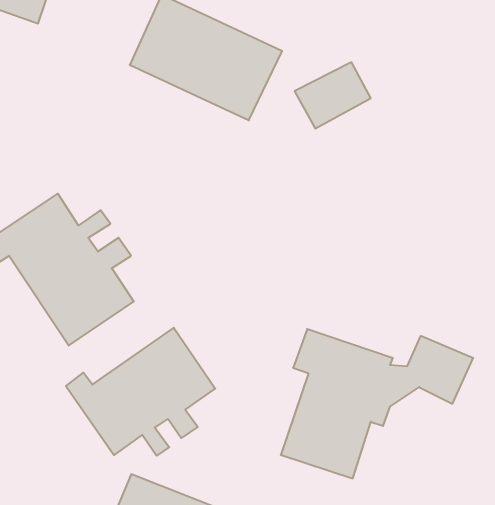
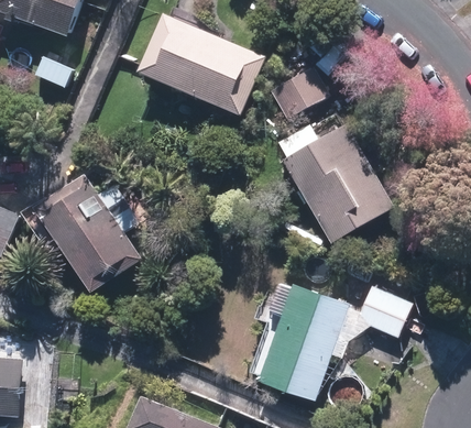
building: none -> [277,123,394,243]
building: [66,328,215,456] -> none

